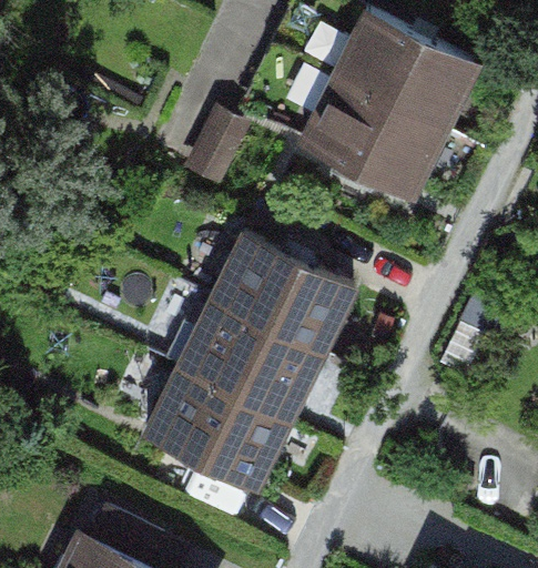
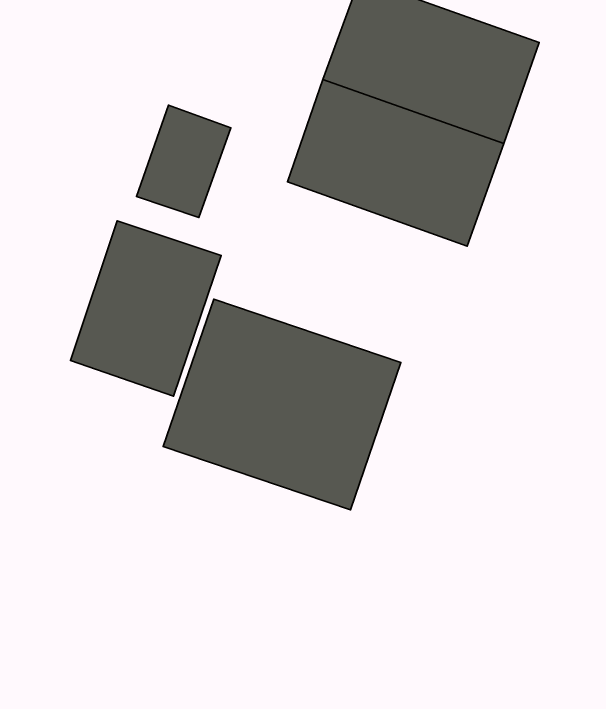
building: none -> [71,221,221,396]
building: [135,334,313,497] -> none

